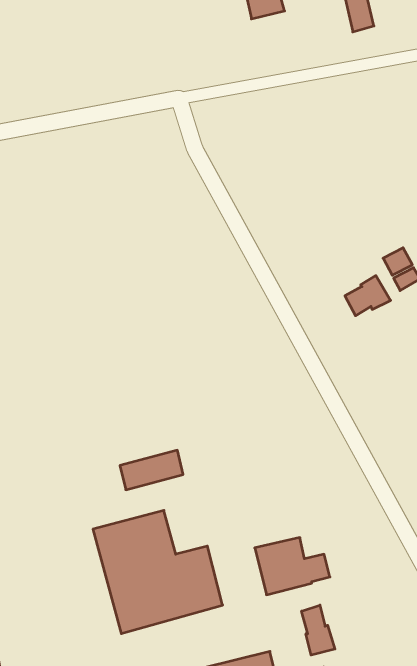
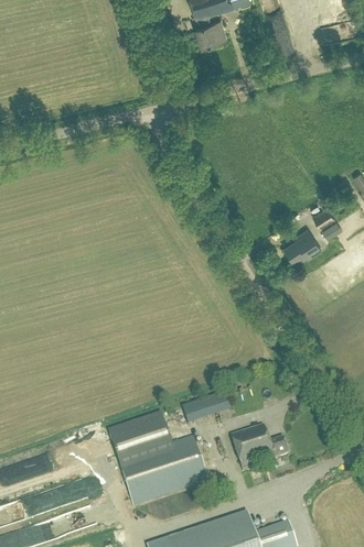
building: [120,450,183,490] -> [182,394,229,426]
building: [302,605,335,655] -> none

